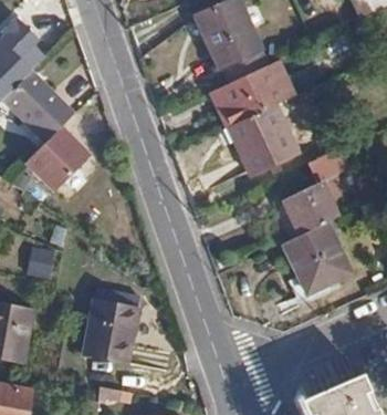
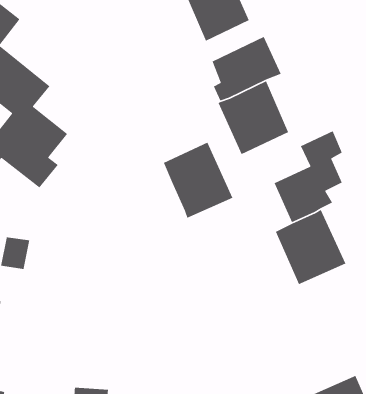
building: none -> [163,142,234,219]
building: [79,304,134,370] -> none

